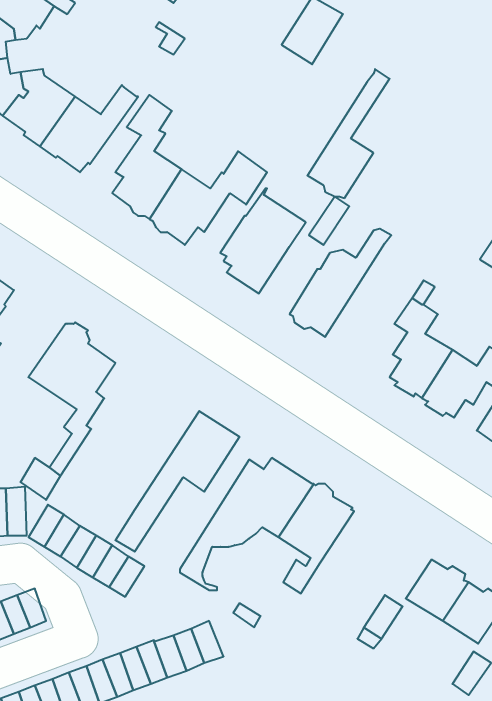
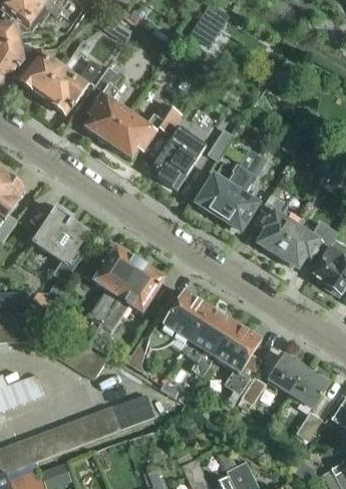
building: [307,69,390,198] -> [218,151,269,231]
building: none -> [79,248,139,324]
building: none -> [215,325,262,408]

